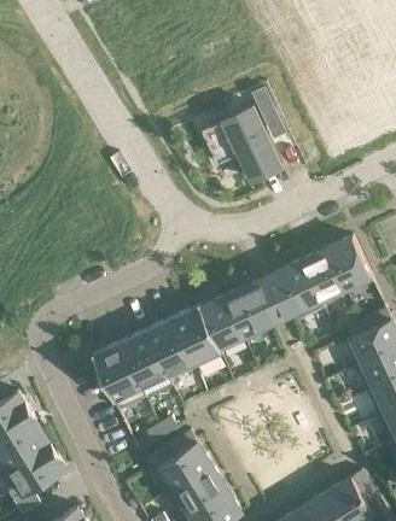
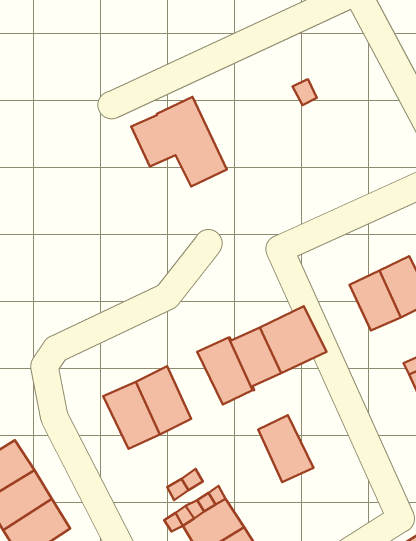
building: [200,106,281,182] -> [131,97,227,187]
building: [262,262,319,318] -> none
building: [146,318,193,375] -> [258,415,314,482]

